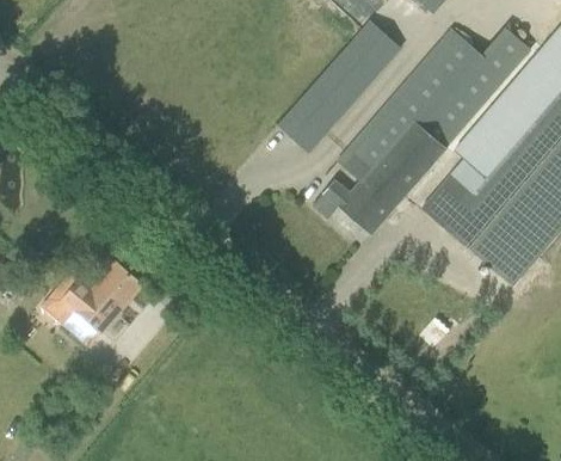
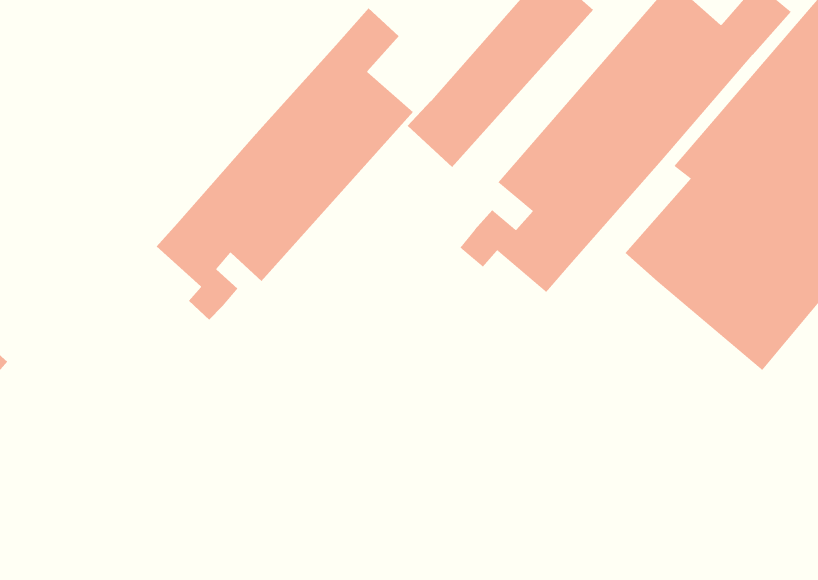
building: none -> [156,8,414,320]
building: [39,262,141,345] -> none

